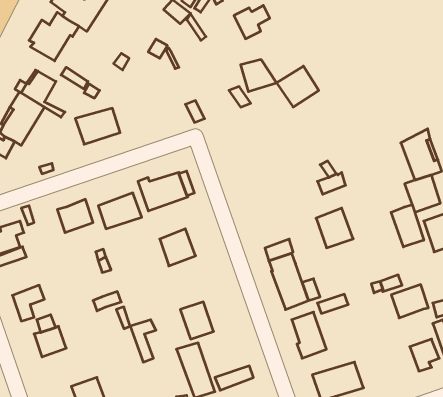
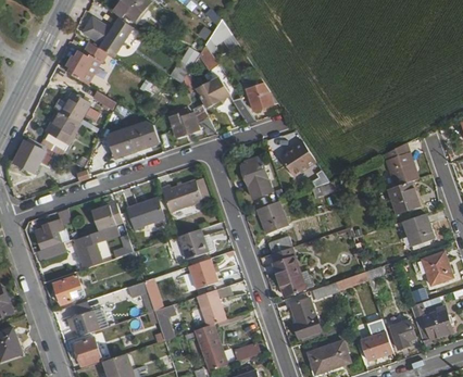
building: [234,5,270,39] -> [197,79,227,108]
building: [276,66,319,107] -> [279,141,315,176]
building: none -> [167,110,199,137]
building: none -> [240,156,268,186]
building: [391,205,424,247] -> none
building: [316,208,353,248] -> [256,200,288,234]
building: none -> [73,228,112,266]
building: none -> [188,256,218,288]
building: [391,285,428,318] -> [361,331,392,360]
building: none -> [74,336,101,364]

